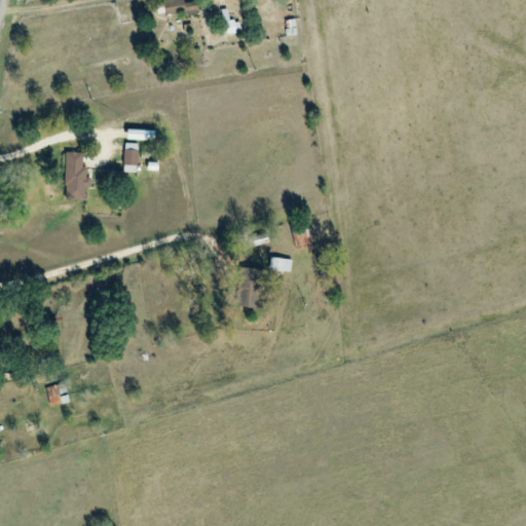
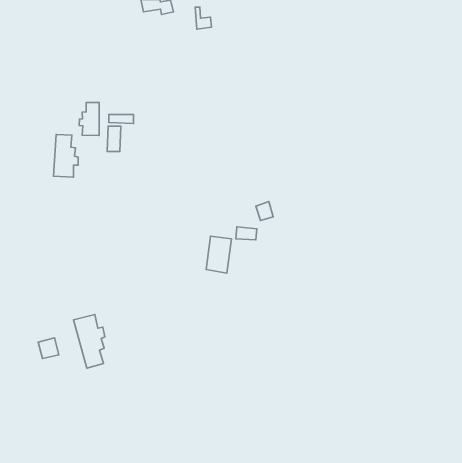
building: none -> [79,102,99,135]
building: none -> [74,314,105,368]

